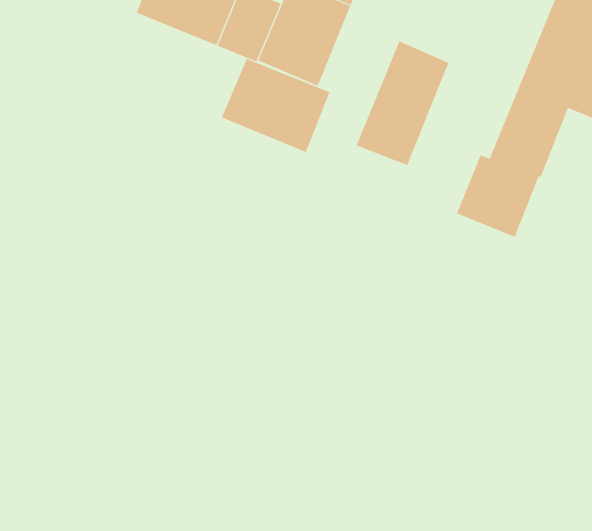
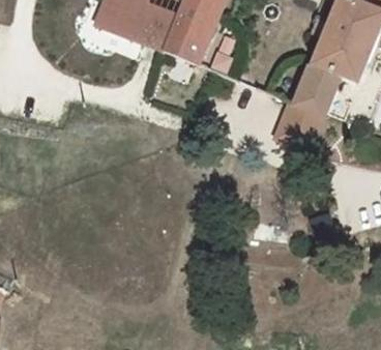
building: [356,41,449,166] -> none
building: [221,58,330,153] -> none

